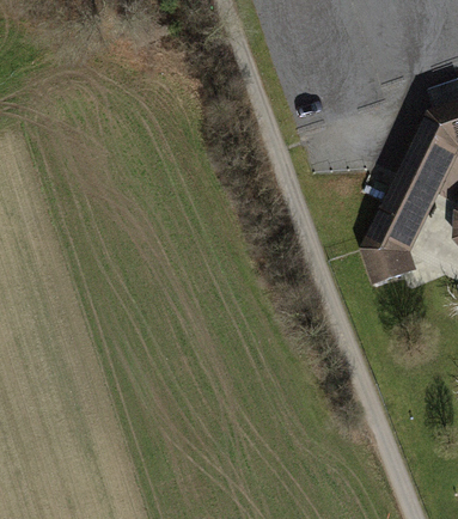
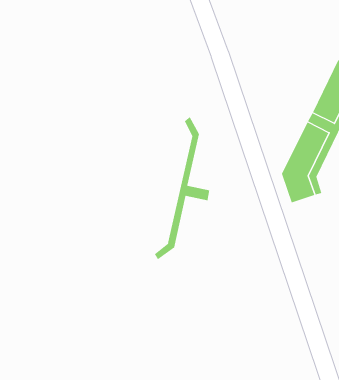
building: none -> [154,116,210,260]

